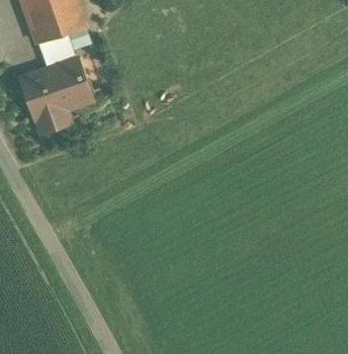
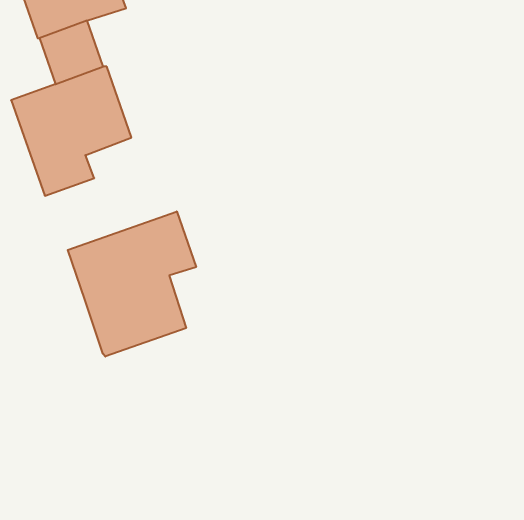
building: none -> [68,211,196,357]

